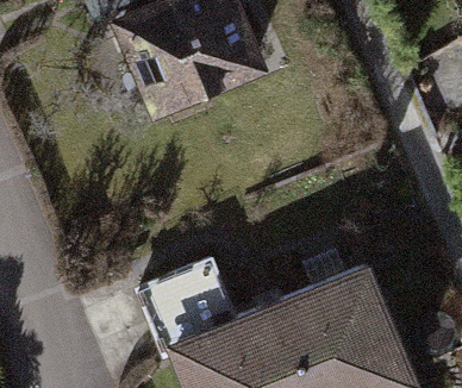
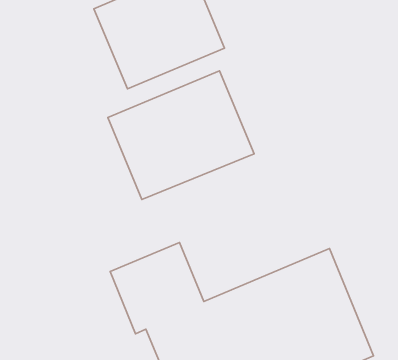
building: none -> [108,71,254,200]

